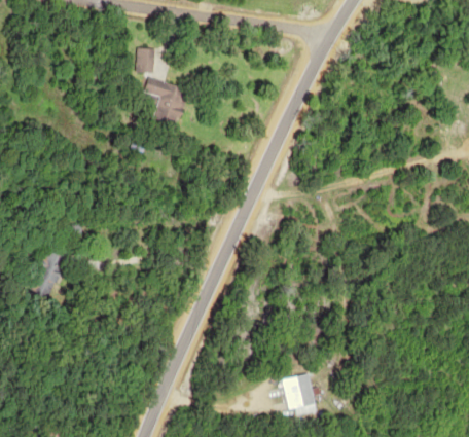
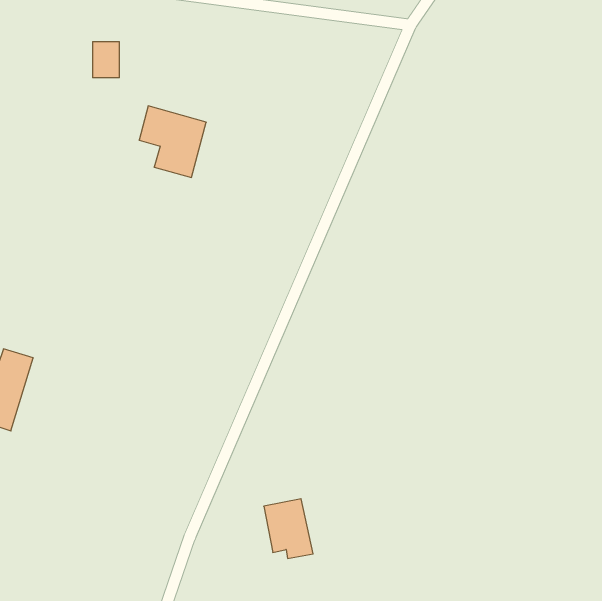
building: [137,48,155,73] -> [93,42,119,78]
building: [282,373,316,414] -> [264,499,313,558]

